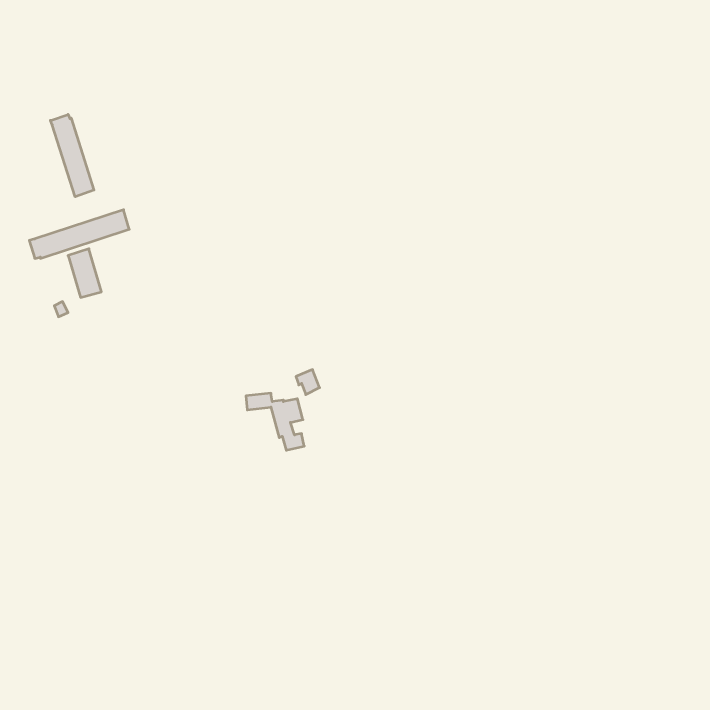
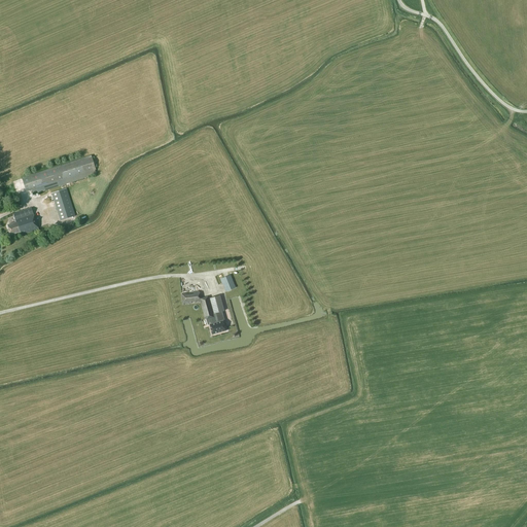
building: [50,114,94,197] -> none
building: none -> [7,208,38,235]

